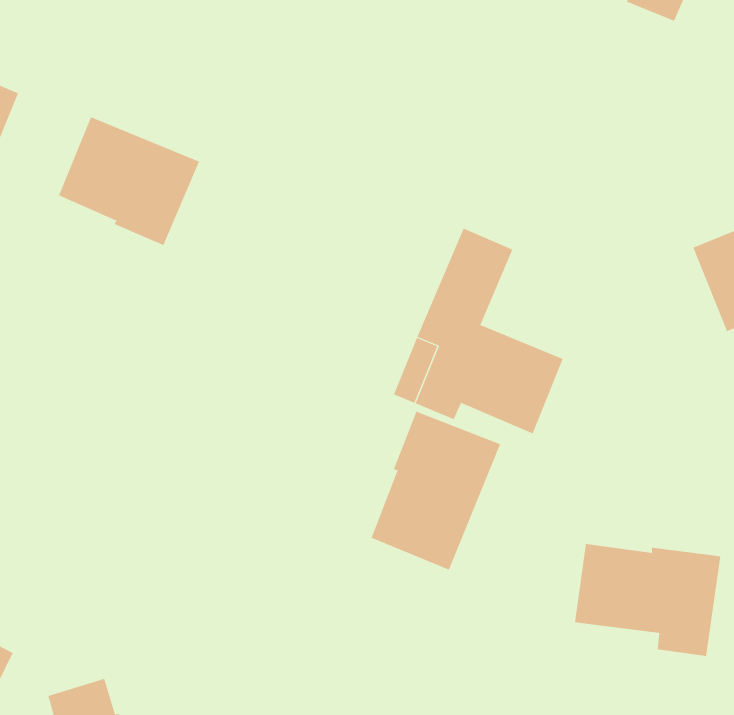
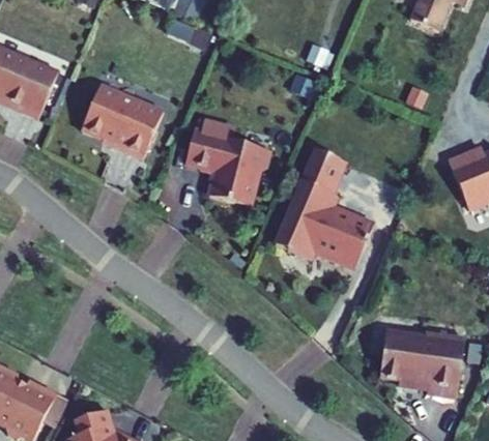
building: none -> [185,119,270,206]
building: [371,411,501,570] -> none

